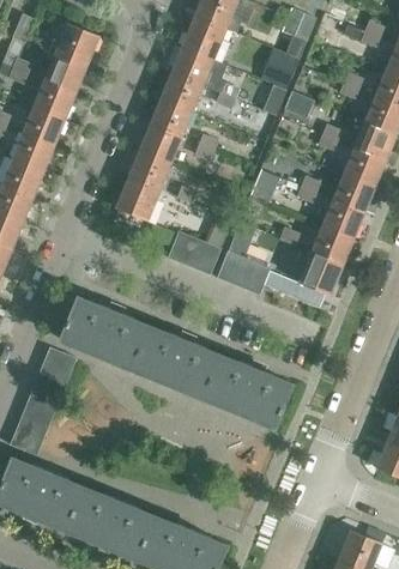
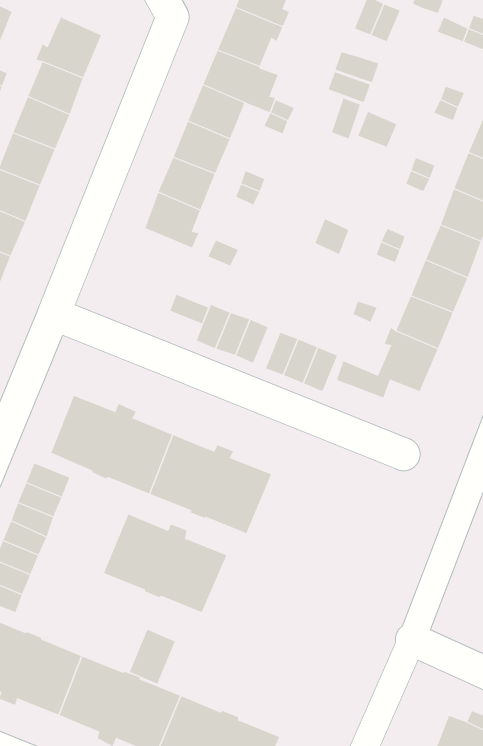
building: [116,176,164,220] -> none
building: [204,355,294,426] -> [103,514,227,613]
building: none -> [129,629,176,684]

